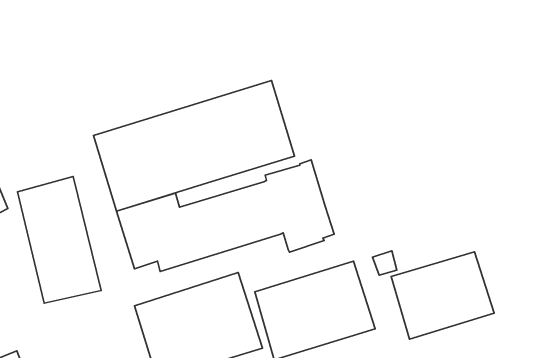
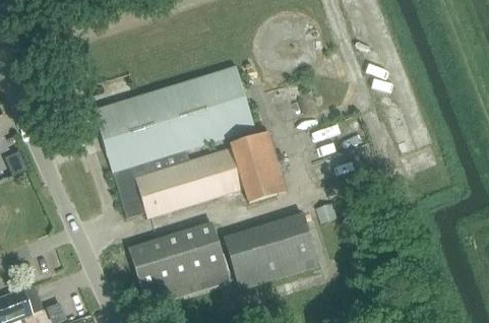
building: [17,176,101,303] -> none
building: [391,252,494,339] -> none

